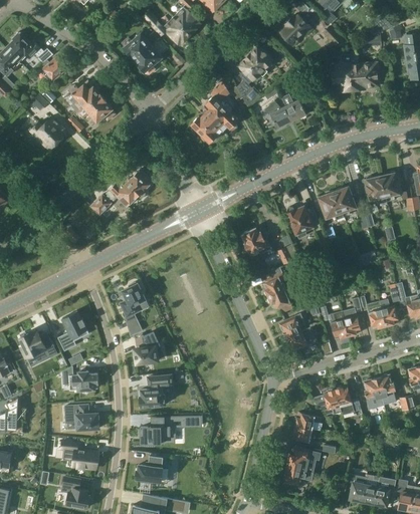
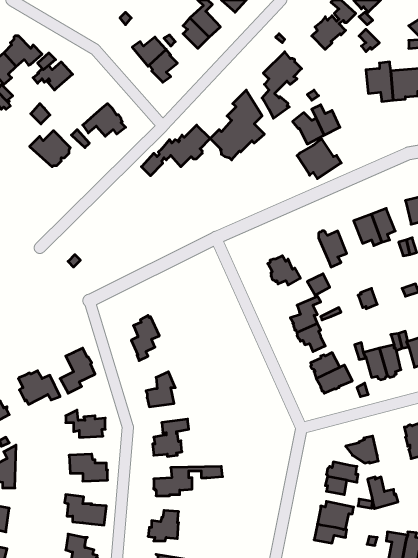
building: [69,80,99,111] -> none
building: none -> [297,139,341,179]
building: [91,169,153,214] -> [141,125,210,176]
building: [336,387,363,415] -> [368,477,398,509]

